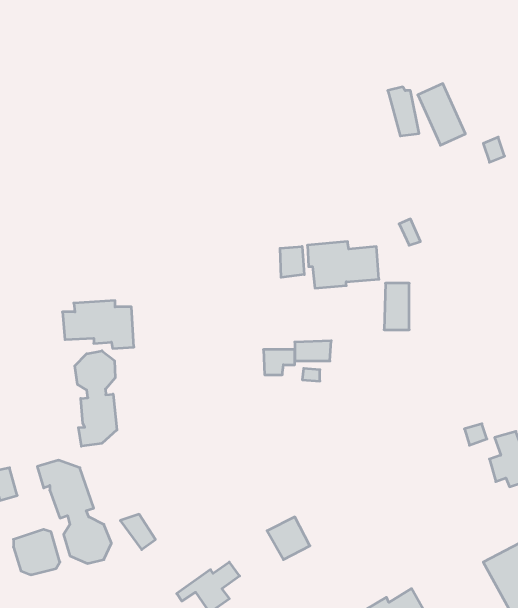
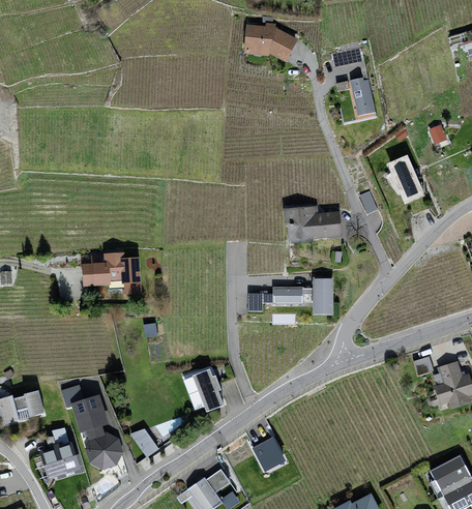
building: none -> [244,23,297,63]
building: [418,84,465,145] -> [387,153,426,204]
building: [280,246,304,277] -> none
building: [384,283,409,330] -> [313,277,333,316]
building: [75,351,117,446] -> none
building: none -> [193,369,226,412]

